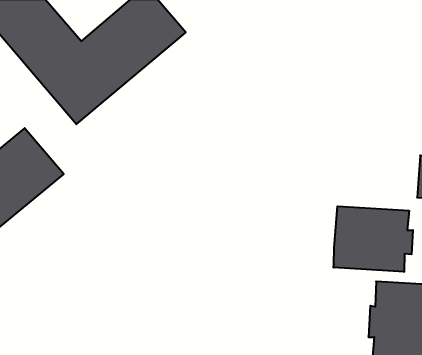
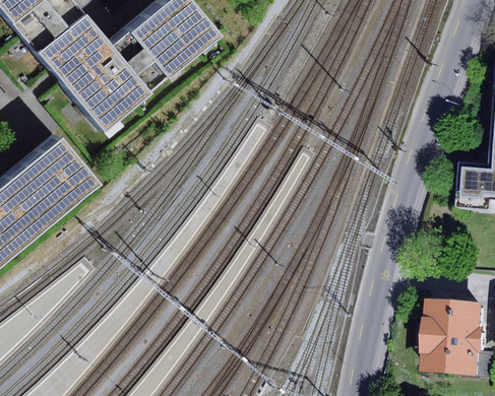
building: [334,206,413,272] -> none

